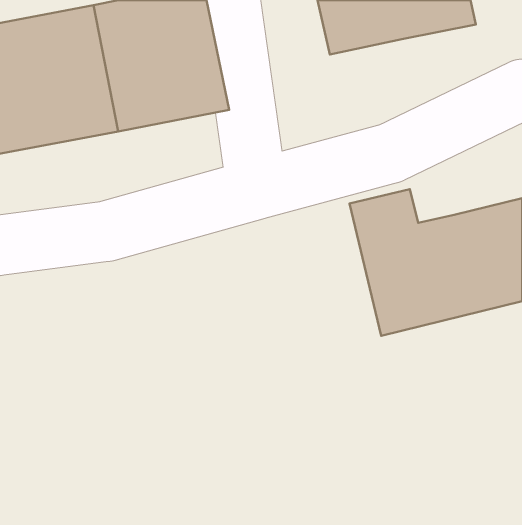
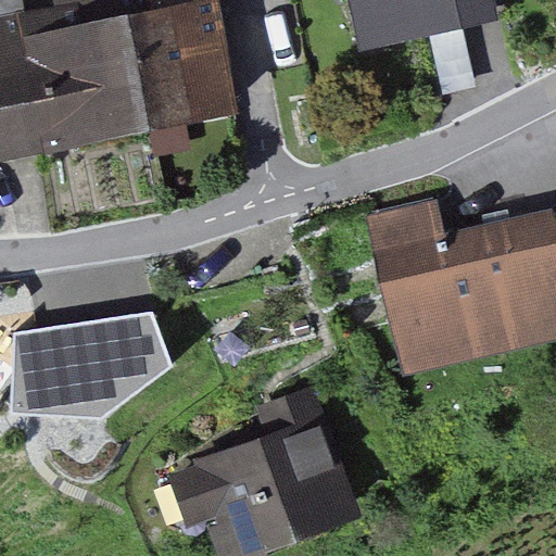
building: none -> [9,312,170,418]
building: none -> [170,389,352,546]

